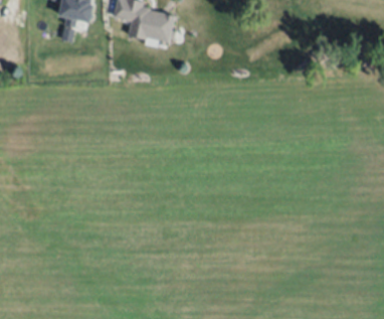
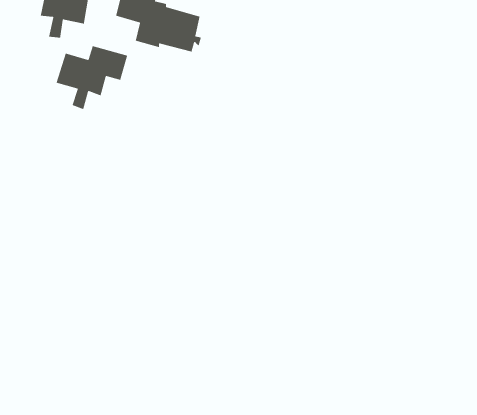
building: none -> [55,45,128,110]

